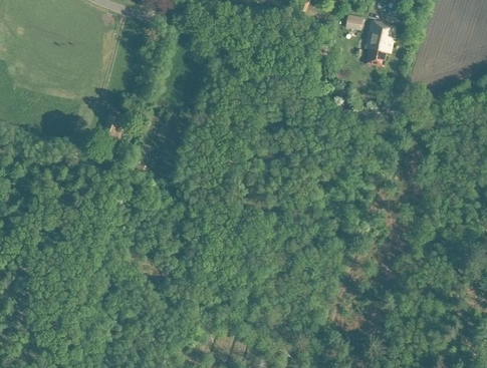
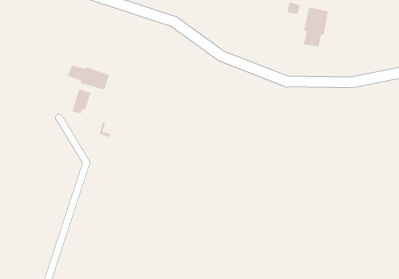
building: none -> [67,64,109,91]

